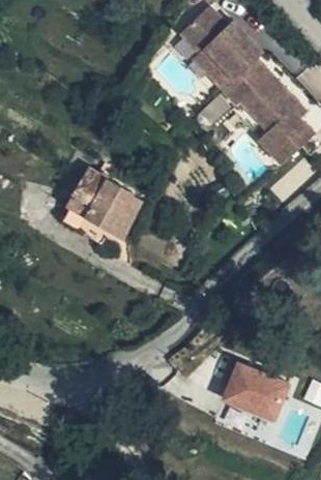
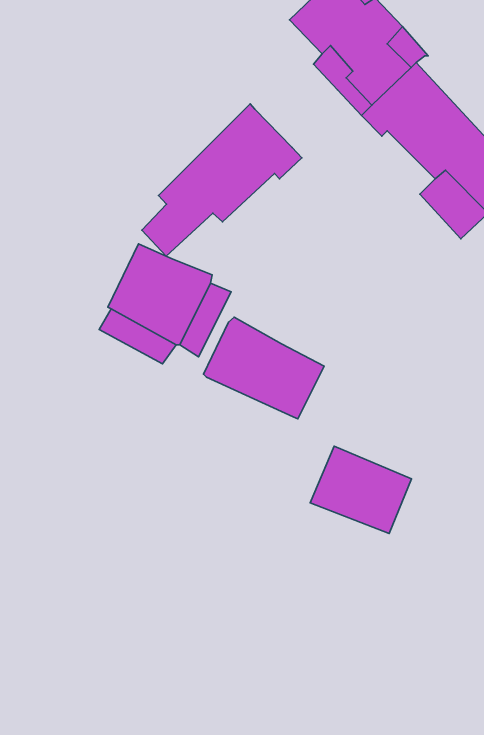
building: none -> [142,104,302,256]
building: none -> [203,317,324,419]
building: [228,358,289,411] -> [310,446,411,534]

